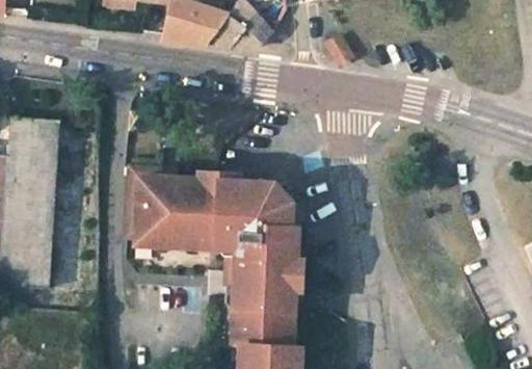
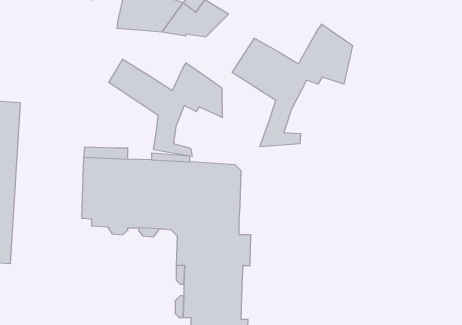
building: none -> [232,24,353,147]
building: none -> [109,59,222,156]

